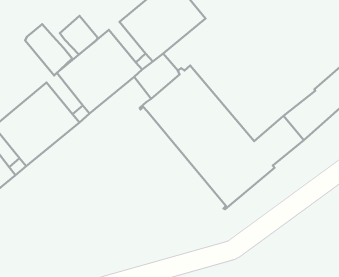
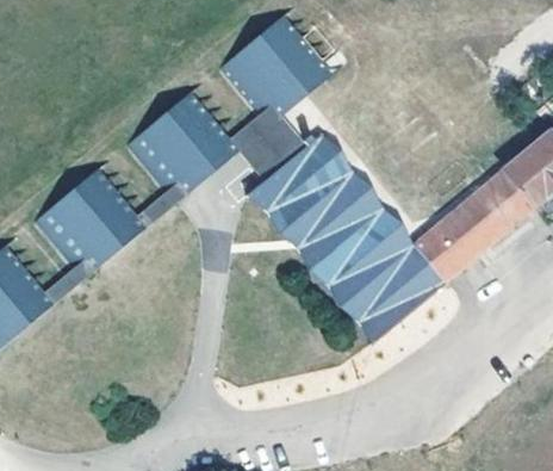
building: [60,16,98,55] -> none
building: [25,24,72,75] -> none

